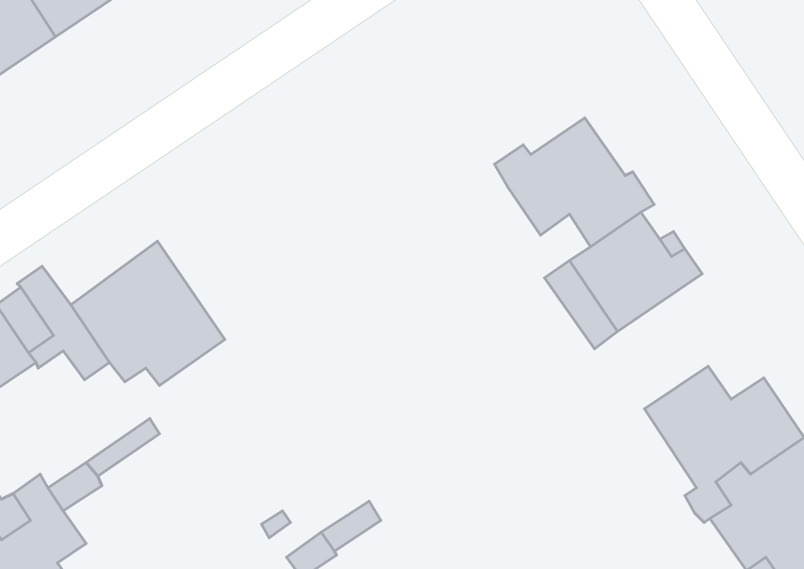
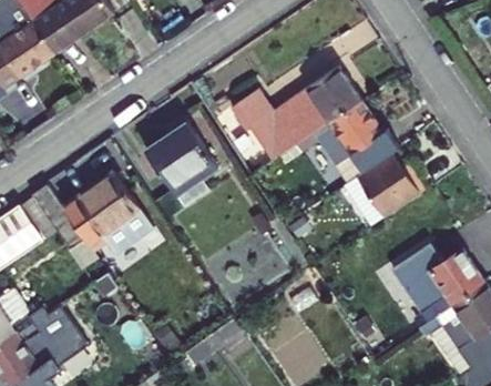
building: none -> [232,68,359,160]
building: none -> [146,115,223,209]

